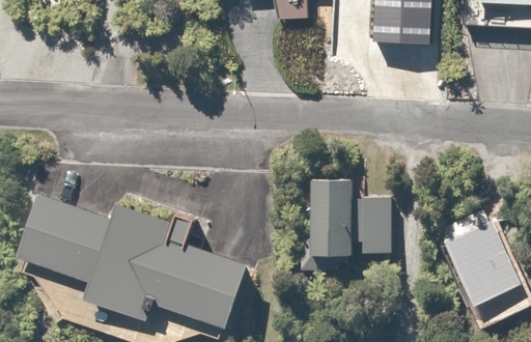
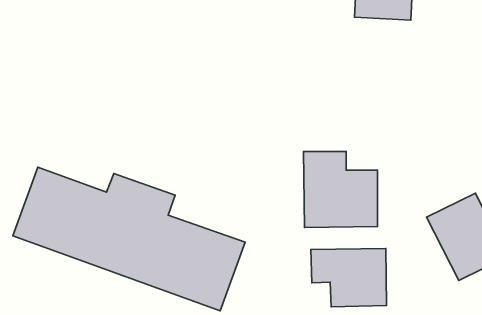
building: none -> [311,248,386,307]

